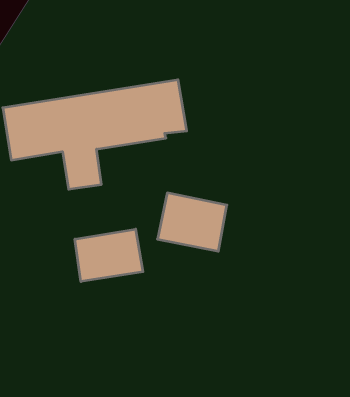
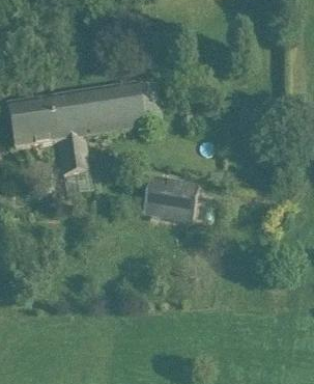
building: [75,229,143,282] -> none

